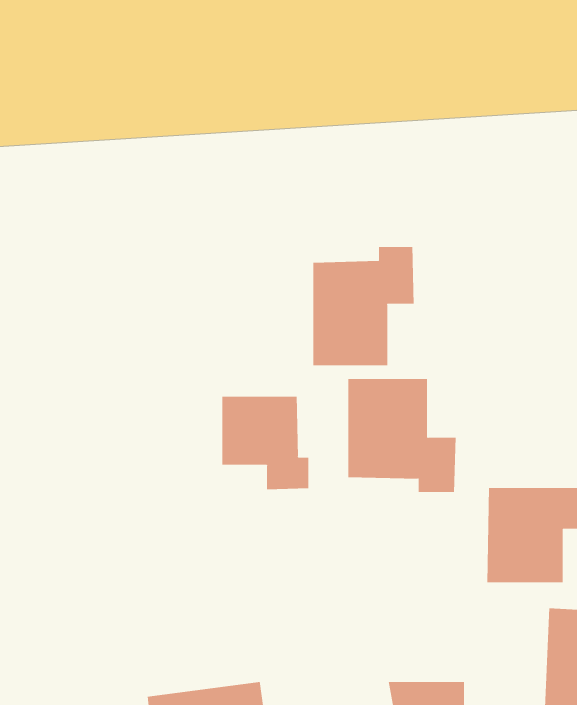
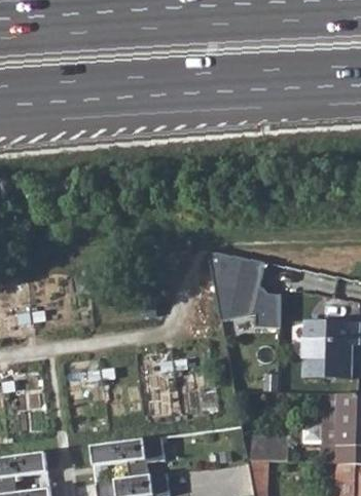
building: [313,246,414,366] -> none
building: [222,396,309,490] -> none

